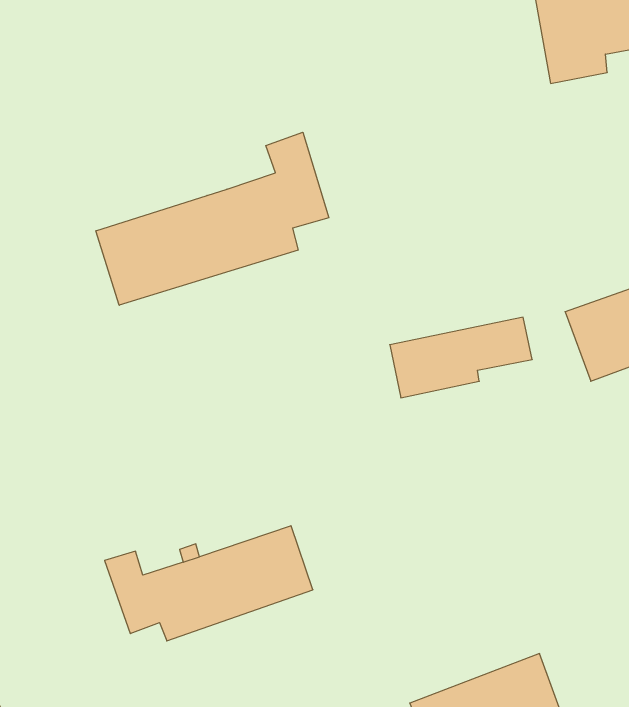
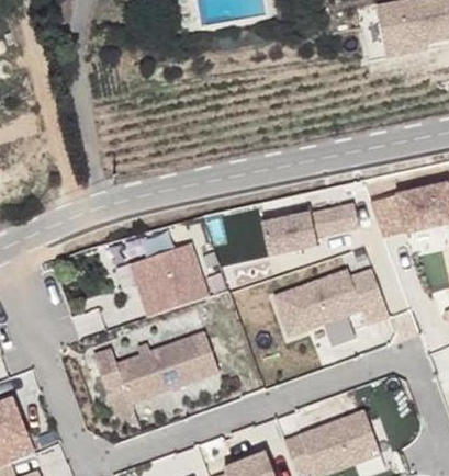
building: [96,132,329,305] -> none
building: none -> [136,245,212,316]
building: none -> [276,270,391,338]

